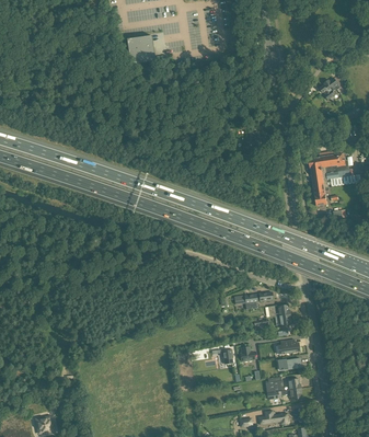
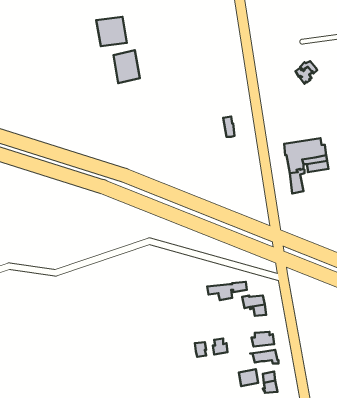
building: none -> [113,50,140,83]

